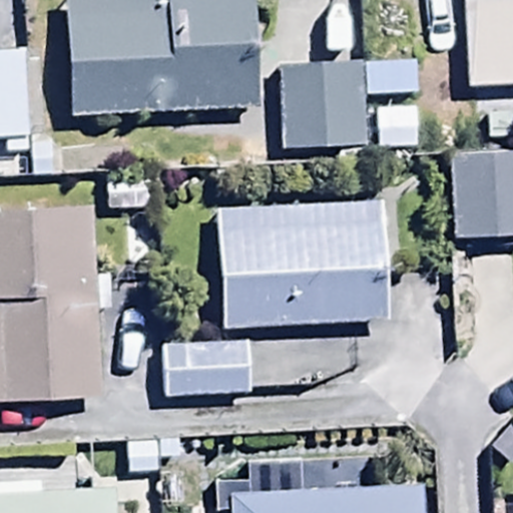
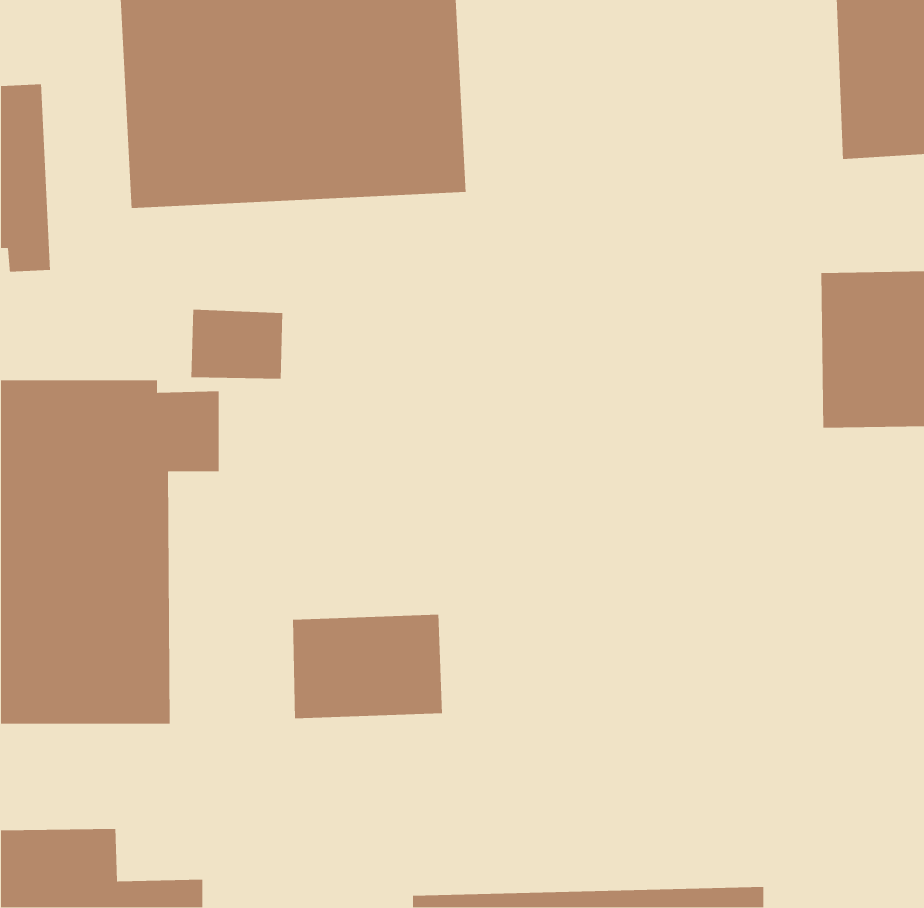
building: [278,63,370,147] -> none
building: [215,196,385,328] -> none

